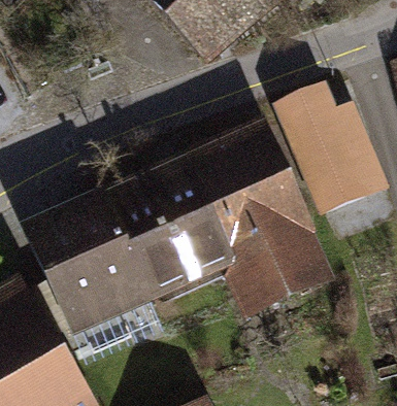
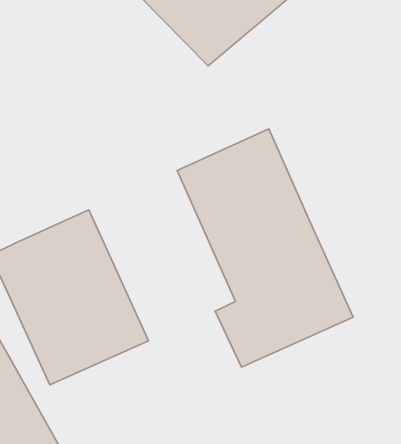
building: [260,76,370,200] -> none
building: [110,155,237,302] -> none

